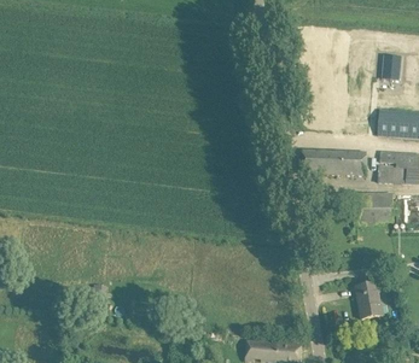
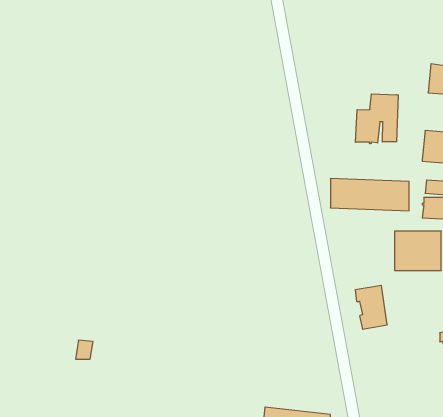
building: none -> [355,94,398,144]
building: [354,282,380,318] -> [355,285,387,329]

